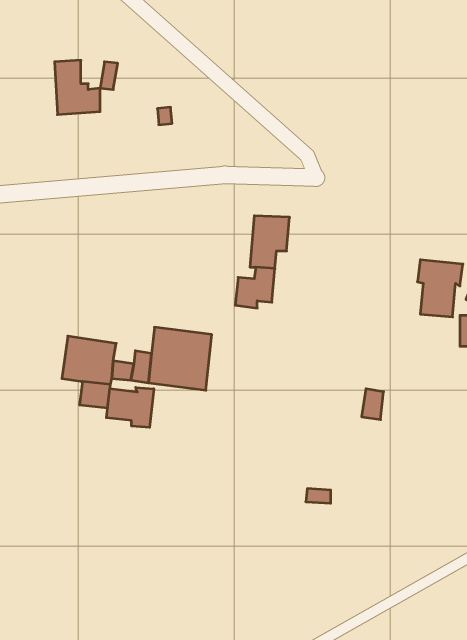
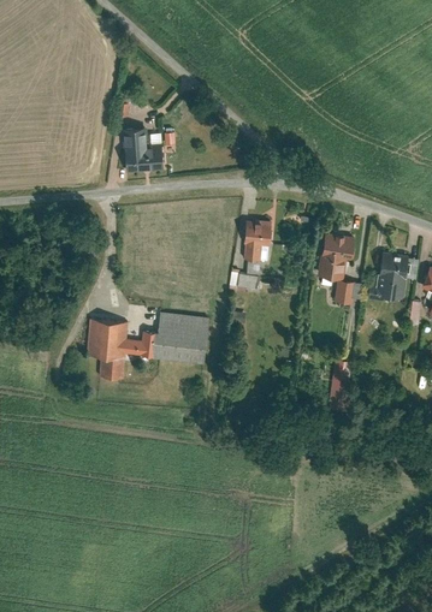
building: [55,60,100,115] -> [125,126,162,171]
building: none -> [316,232,357,304]
building: [106,387,154,427] -> none

